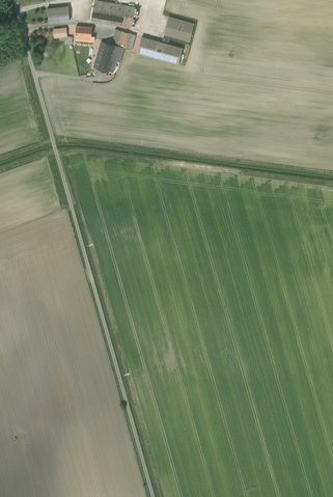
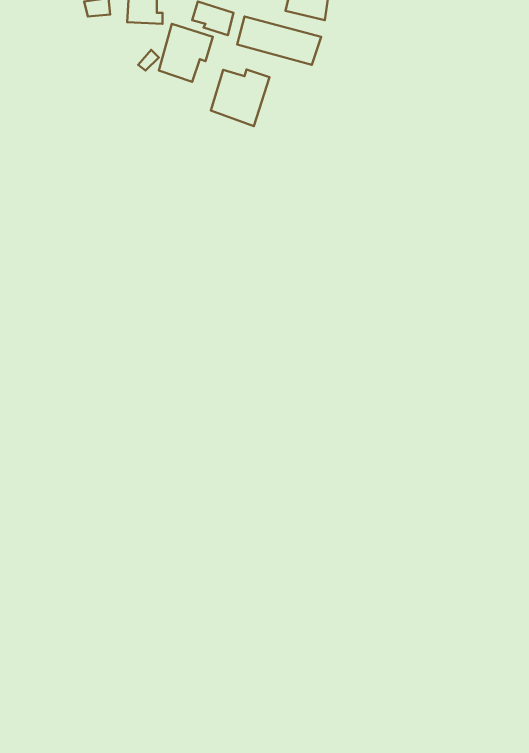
building: none -> [211,69,269,126]

